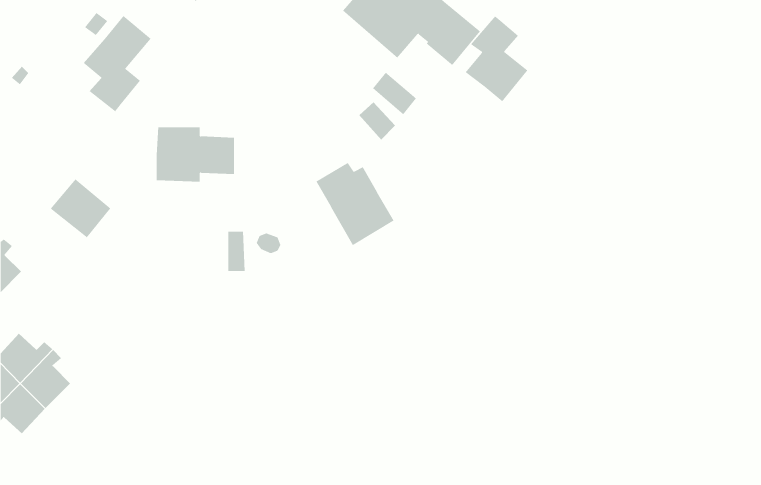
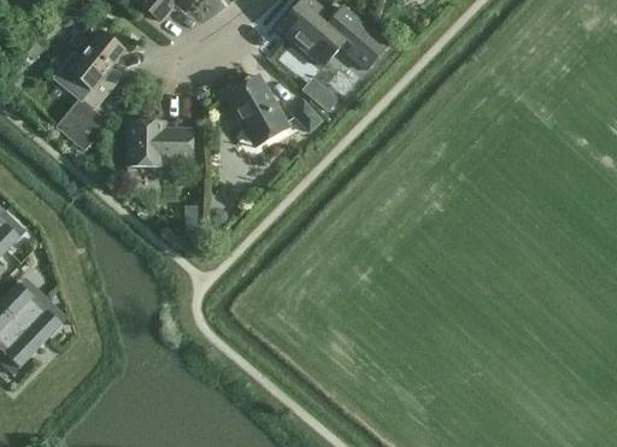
building: [465,16,528,102] -> none
building: [315,162,394,246] -> [224,78,288,146]
building: [50,179,111,238] -> [54,102,104,151]

